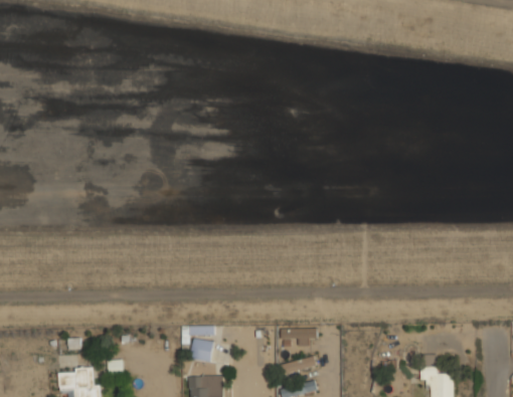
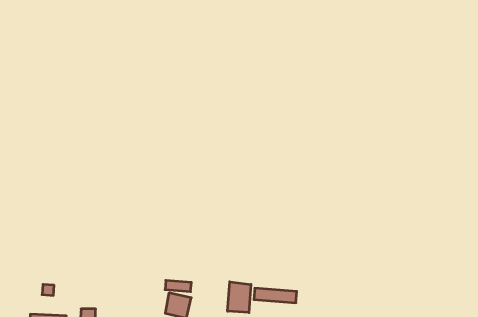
building: none -> [228,282,251,313]

